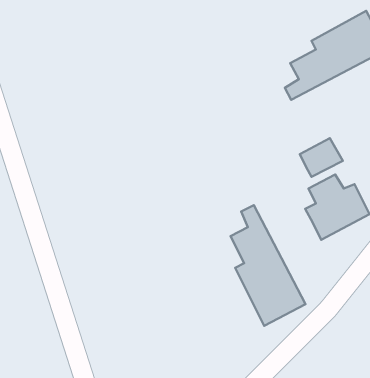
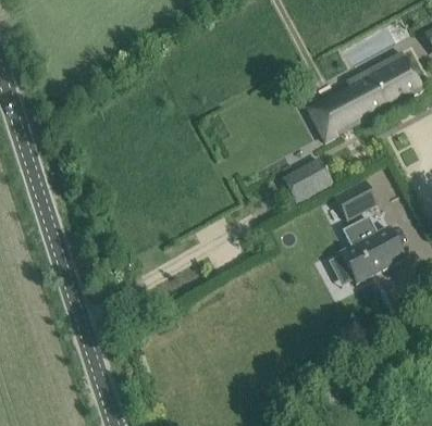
building: none -> [283,158,334,202]
building: [231,205,306,326] -> none

